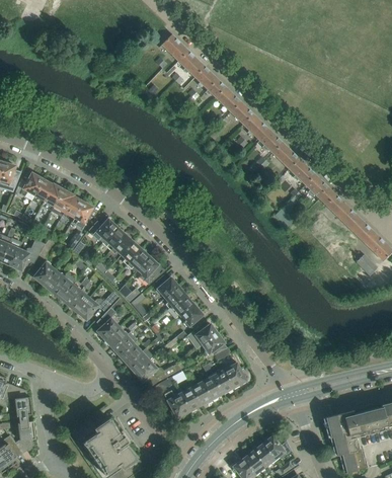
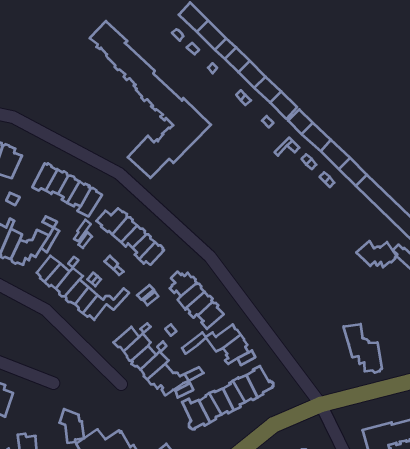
building: none -> [90,21,211,178]
building: [15,173,42,201] -> none
building: none -> [356,241,396,267]
building: [137,257,161,286] -> none
building: [96,298,125,340] -> none
building: none -> [344,324,382,373]
building: [9,386,31,416] -> [59,409,84,443]

